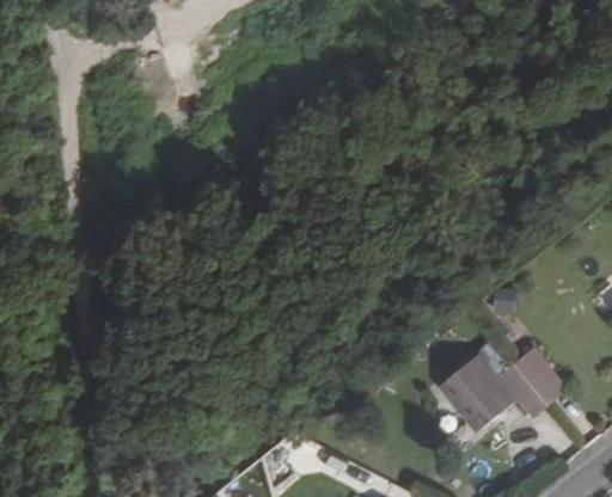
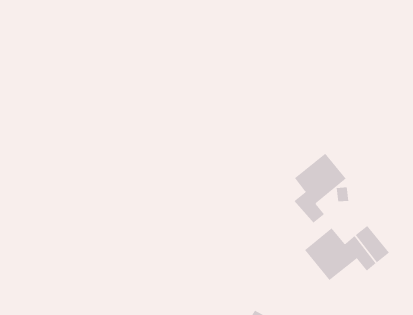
building: none -> [294,153,346,224]

